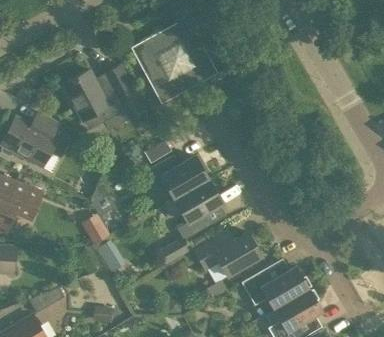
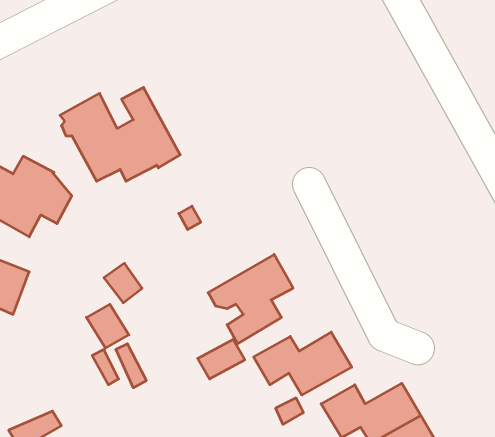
building: [130,17,217,104] -> none
building: [143,157,208,206] -> none

